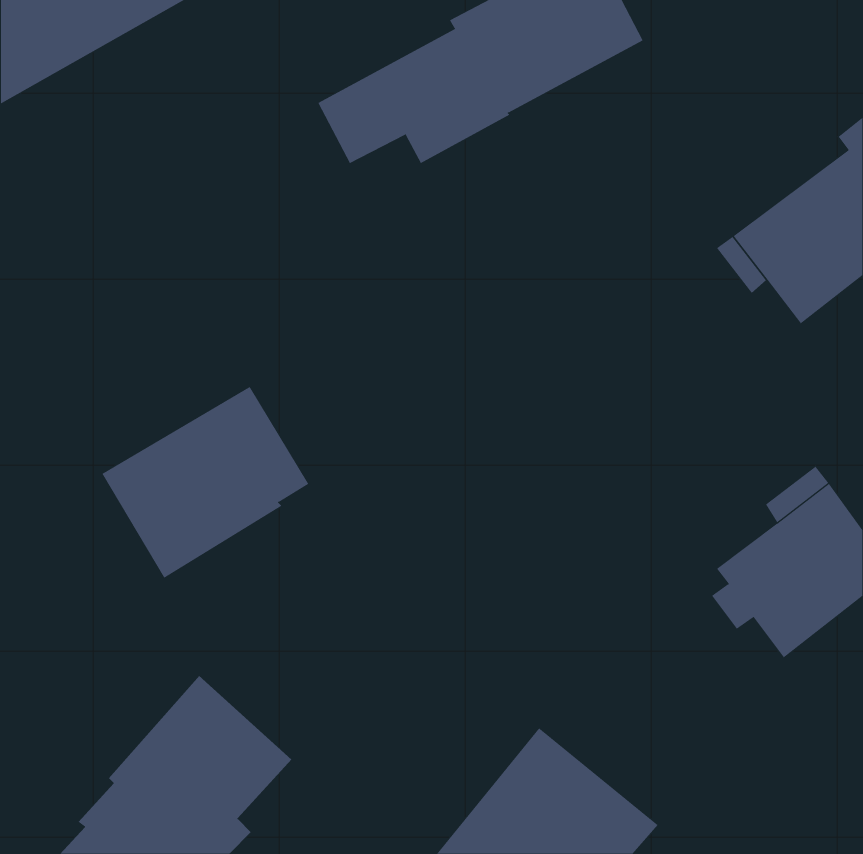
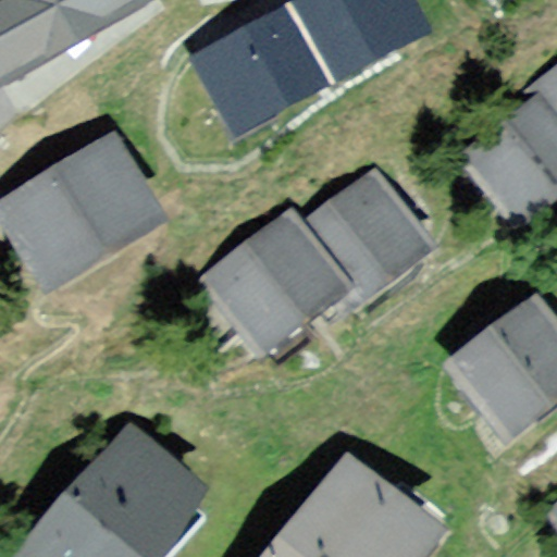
building: none -> [215,184,416,337]
building: [101,386,309,578] -> [10,149,144,273]

